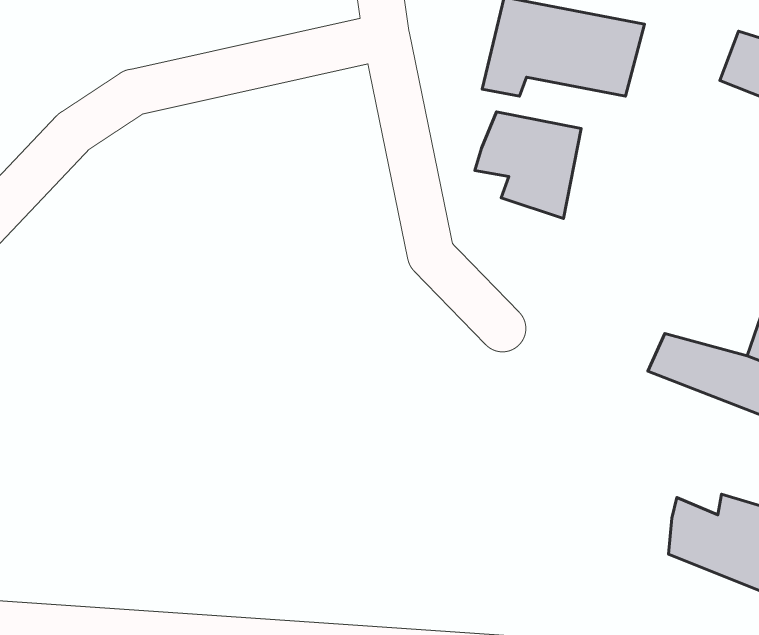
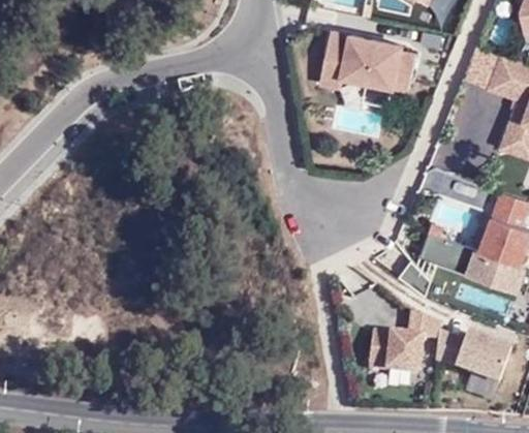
building: [475,112,581,219] -> none
building: none -> [366,312,438,378]

